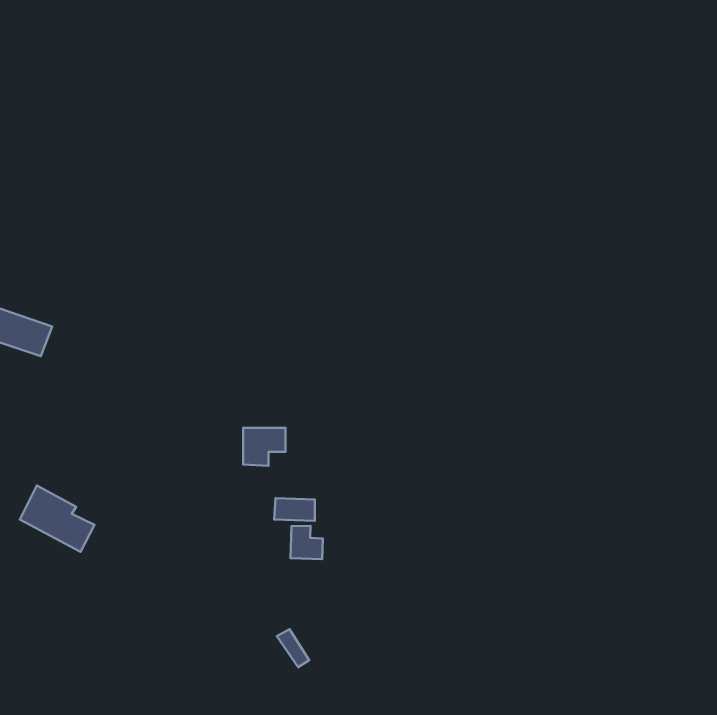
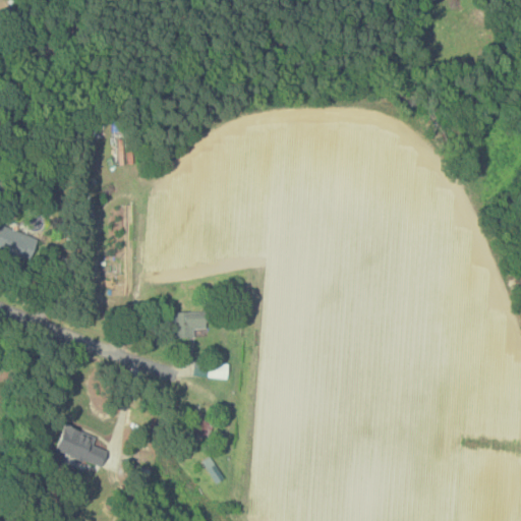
building: [20,486,94,552] -> [54,425,108,473]
building: [290,526,323,559] -> none

